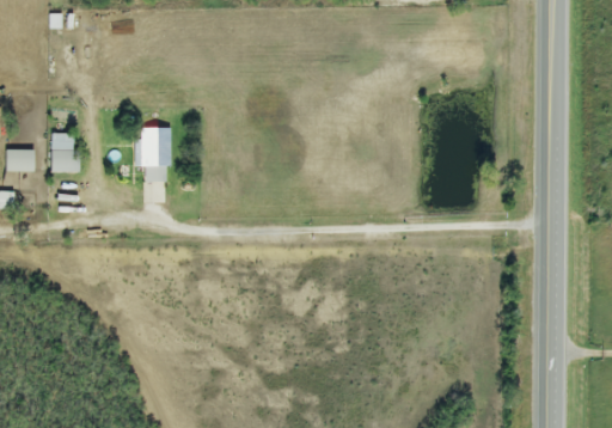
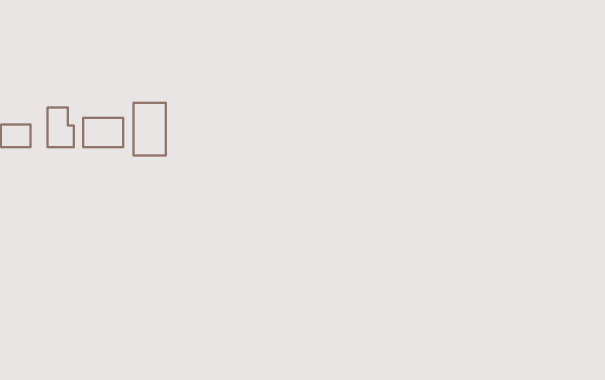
building: none -> [83,118,123,147]

